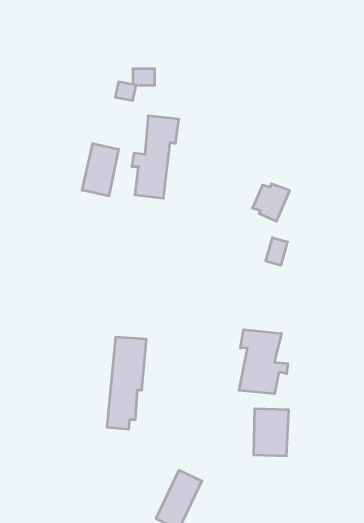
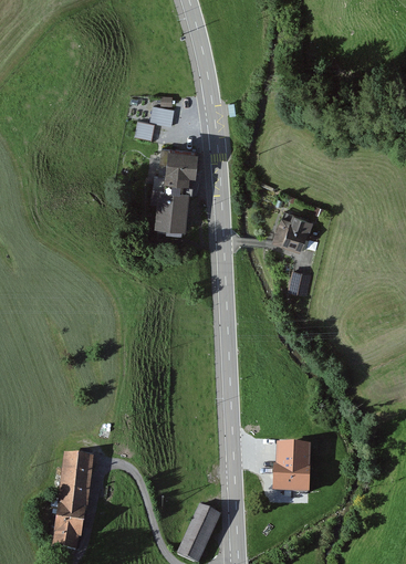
building: [82,143,119,196] -> none
building: [239,330,288,394] -> none
building: [107,337,146,429] -> [53,453,93,546]

